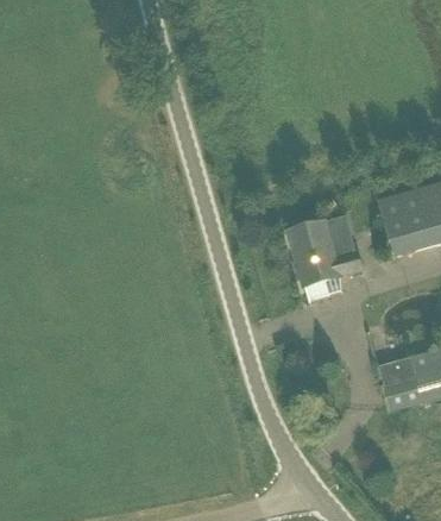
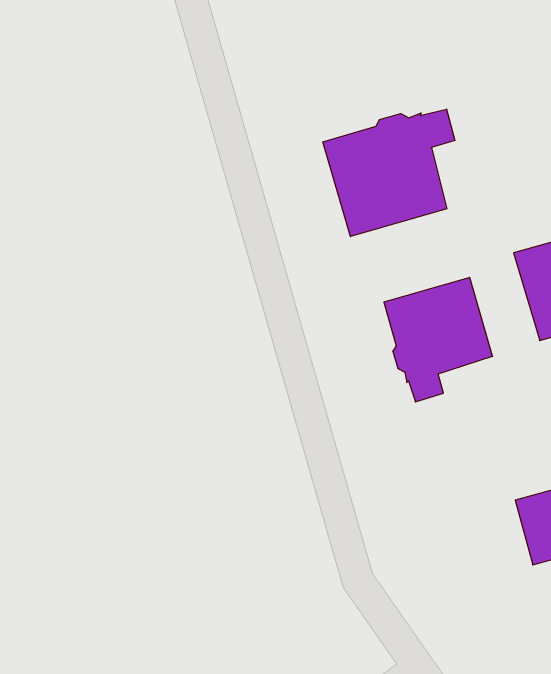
building: none -> [323,109,455,237]

